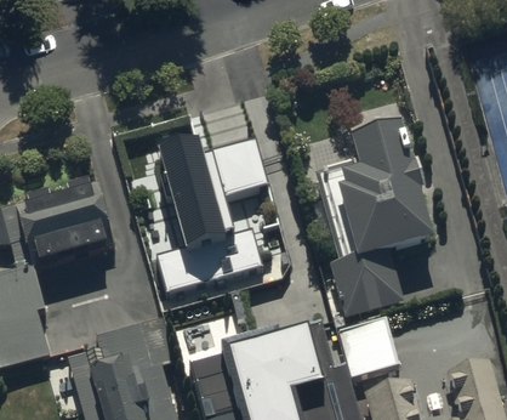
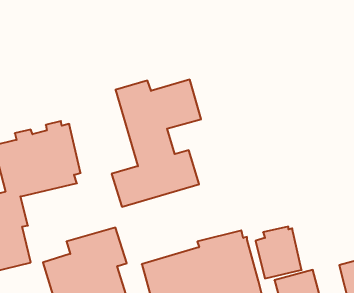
building: [320,132,435,316] -> none

